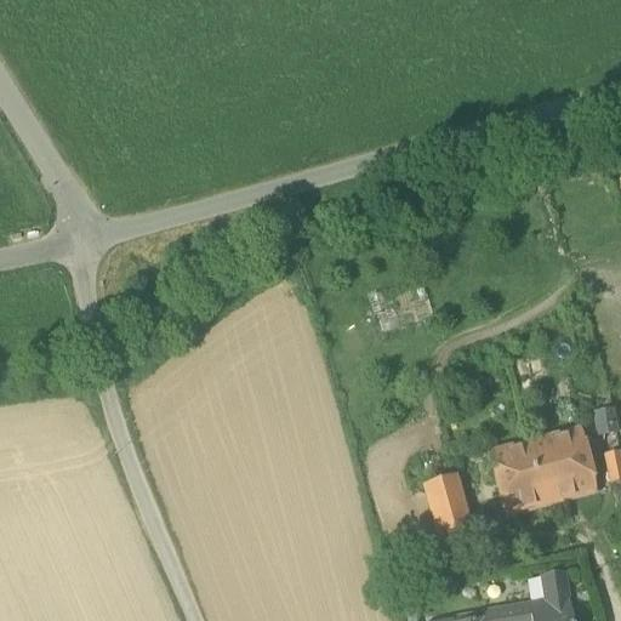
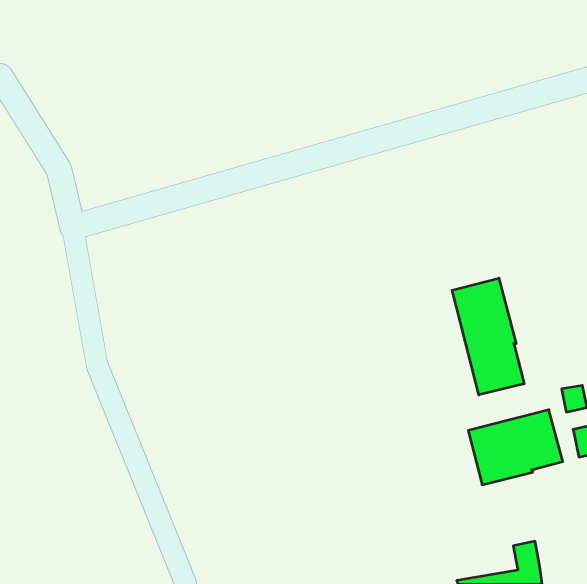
building: none -> [452,278,524,395]
building: [427,477,472,535] -> none

